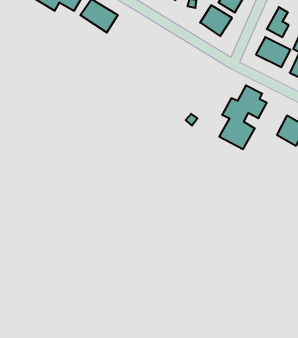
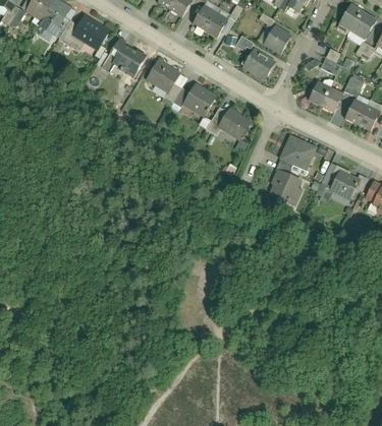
building: none -> [153,62,217,118]
building: none -> [208,108,249,139]

